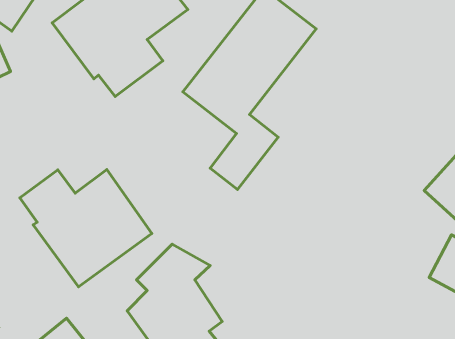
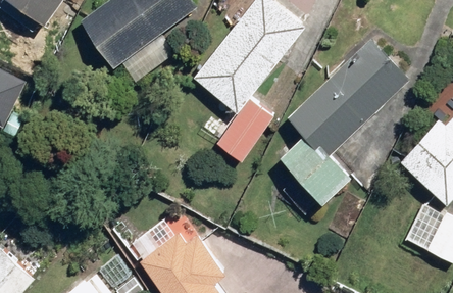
building: none -> [276,42,406,205]
building: [20,169,152,287] -> none

